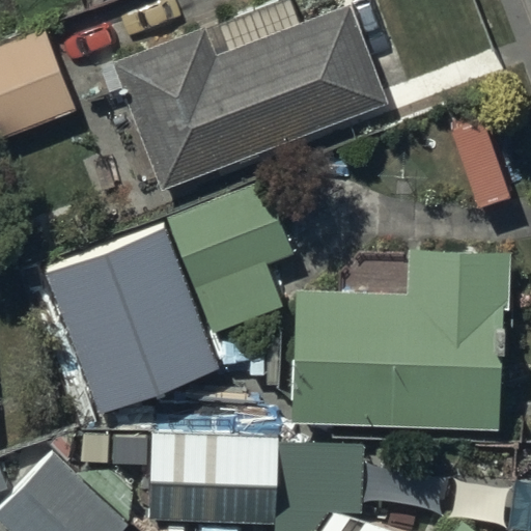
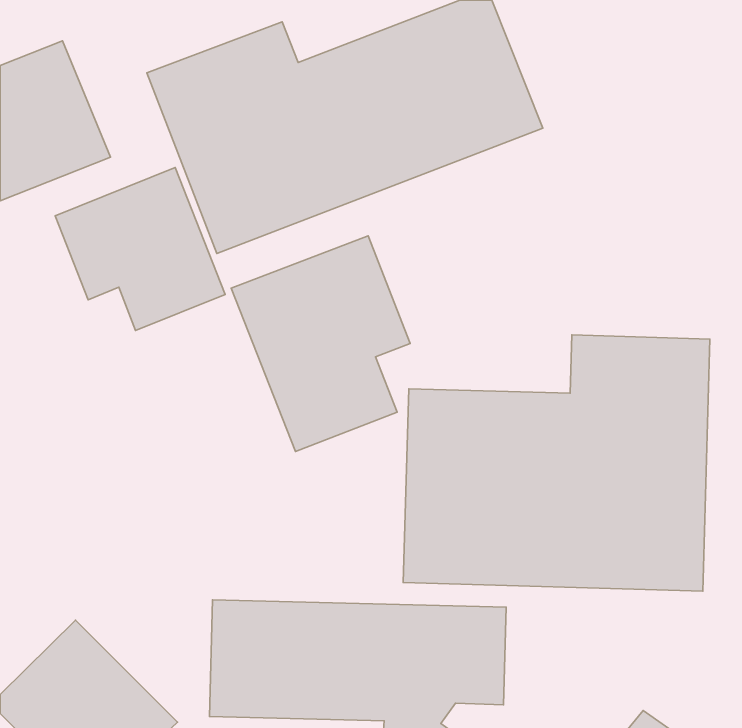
building: none -> [55,168,225,330]
building: [44,224,221,413] -> none

